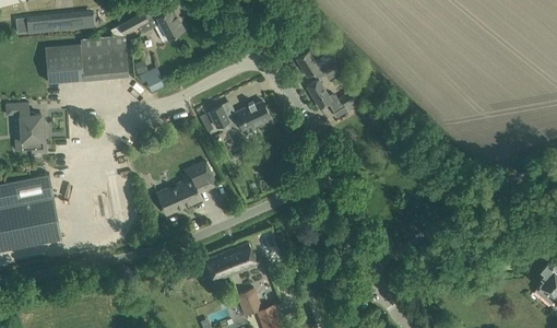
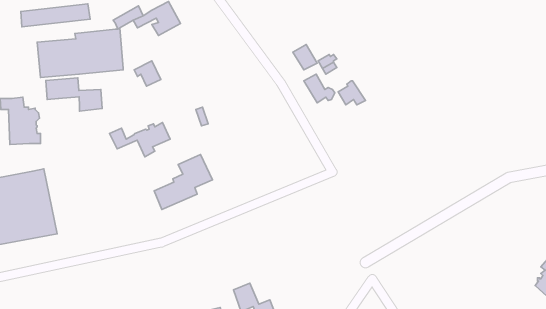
building: none -> [46,78,102,111]
building: [210,101,270,134] -> [110,123,170,157]
building: [205,243,257,281] -> none

